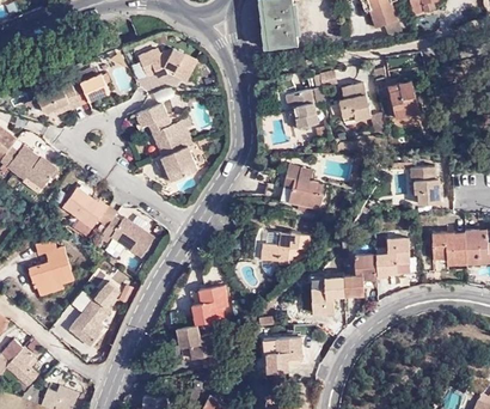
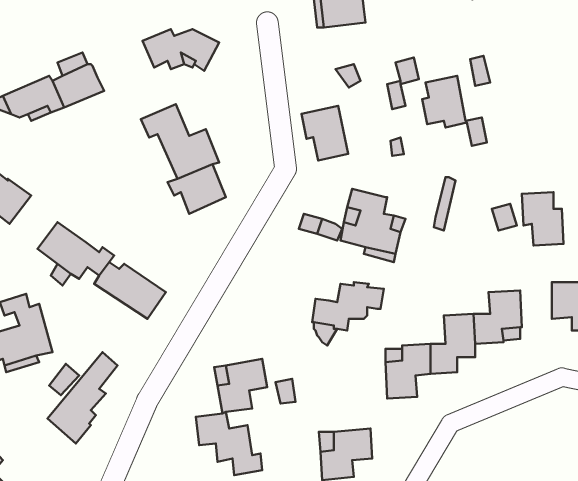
building: [390,80,418,118] -> none
building: [284,88,318,128] -> [302,106,348,161]

